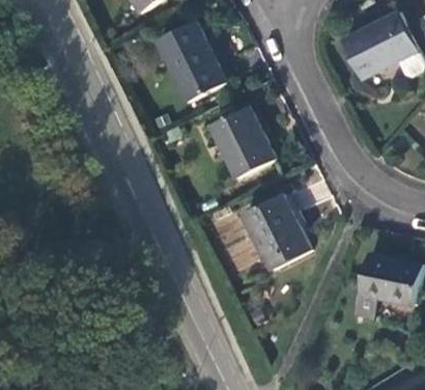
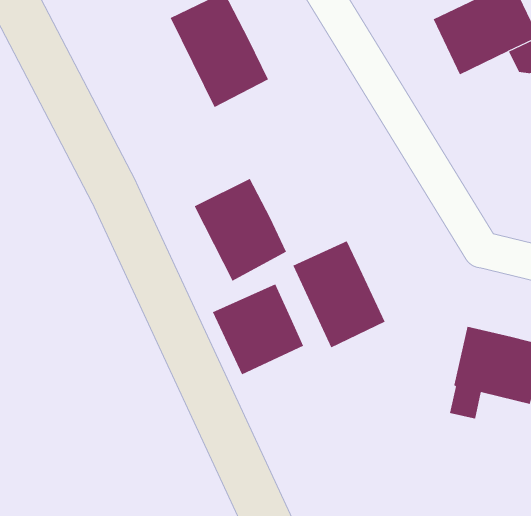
building: [210,103,276,175] -> [194,178,287,281]
building: none -> [212,283,304,375]

